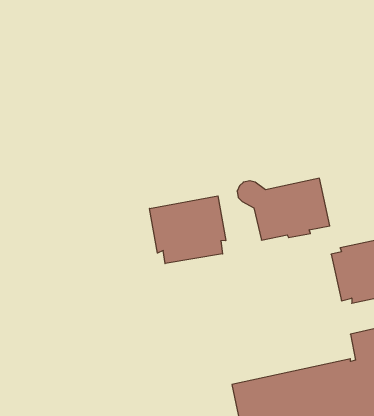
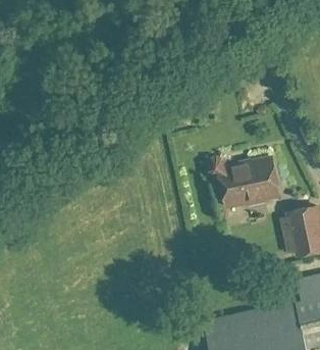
building: [150,196,226,264] -> none

